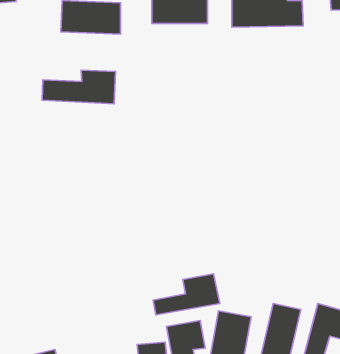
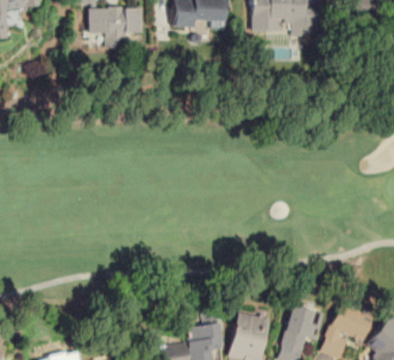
building: [42,70,116,104] -> none
building: [153,274,220,315] -> none

